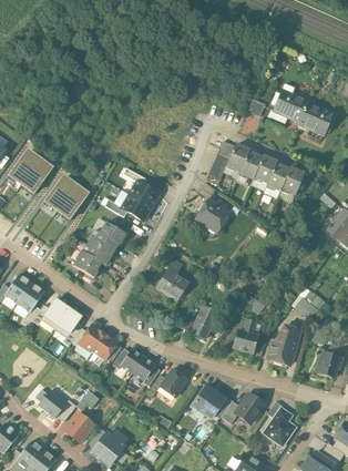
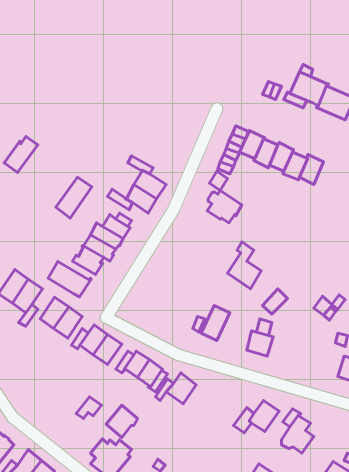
building: [21,157,51,193] -> none
building: [43,178,76,215] -> none
building: [156,257,187,300] -> [228,242,261,289]
building: none -> [48,262,91,297]
building: [267,326,299,365] -> none
building: [192,385,224,418] -> none
building: [34,389,66,418] -> none
building: [64,412,93,442] -> [106,405,137,437]

